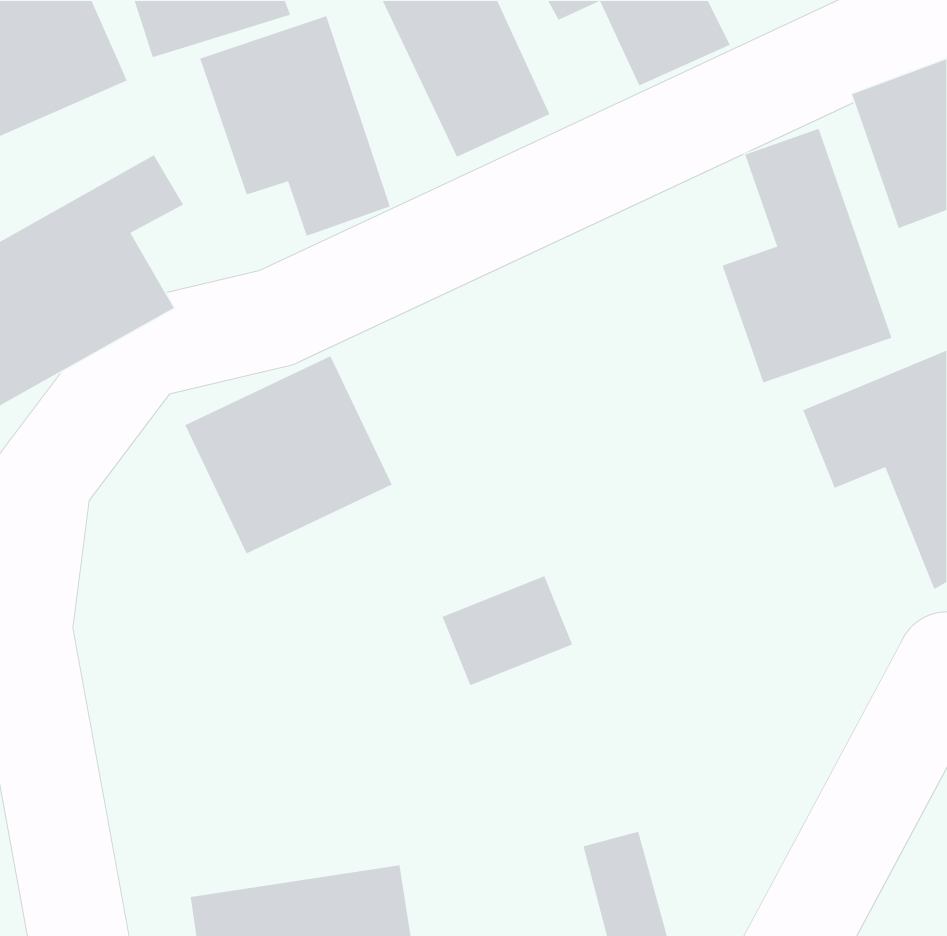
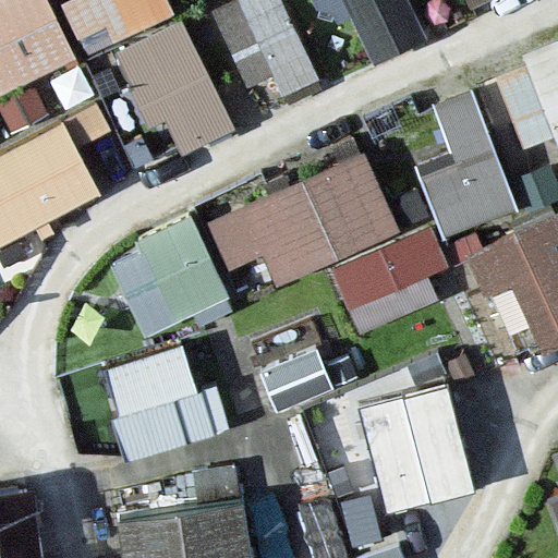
building: none -> [206,156,453,323]
building: none -> [98,342,217,460]
building: none -> [355,384,477,514]

